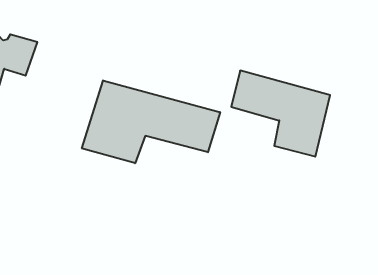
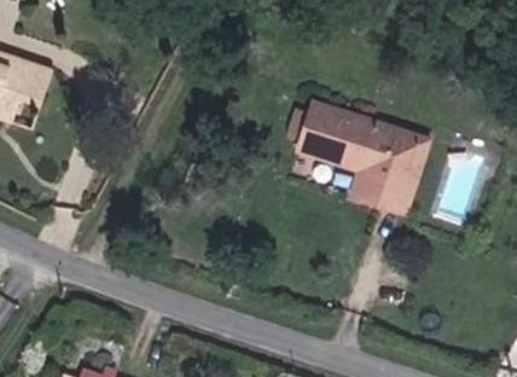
building: [82,80,220,163] -> none

